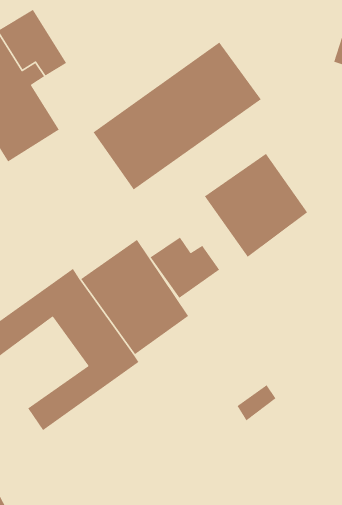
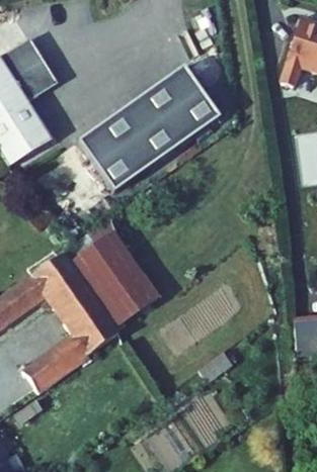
building: [204,153,308,258] -> none
building: [150,236,220,299] -> none

